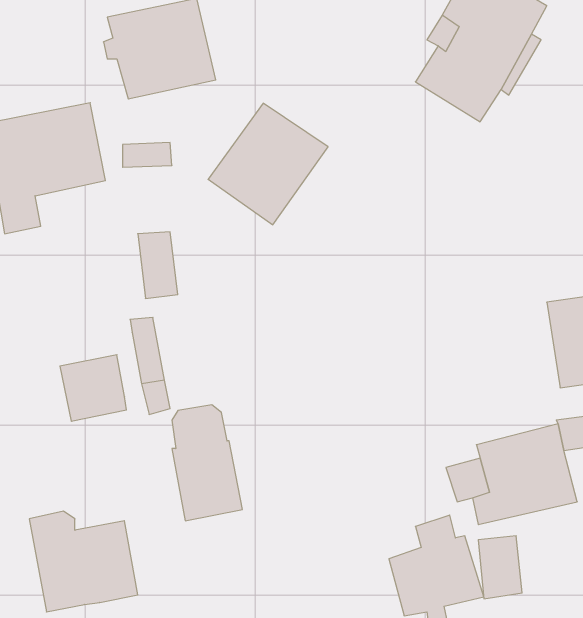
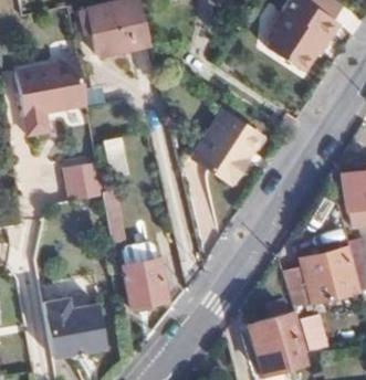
building: [208,103,328,225] -> [192,115,262,186]
building: [60,355,126,421] -> [62,162,101,201]

